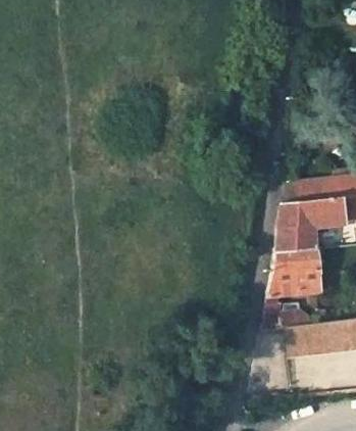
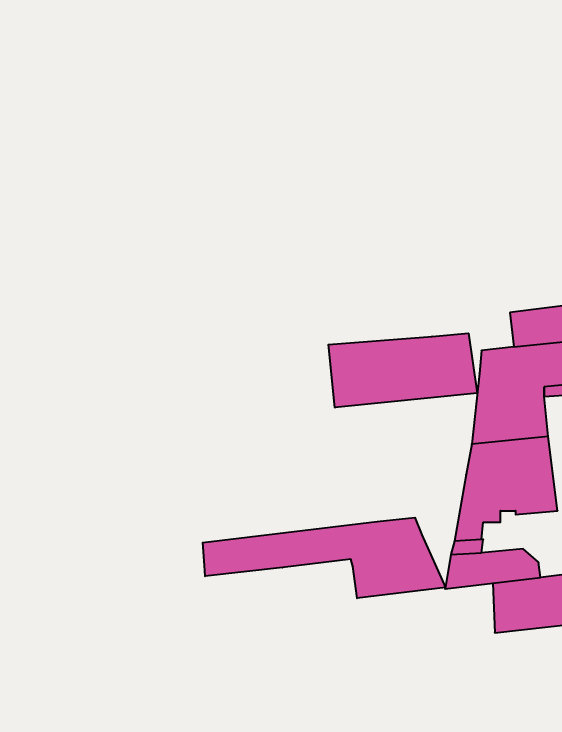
building: none -> [328,333,477,408]
building: none -> [203,518,445,598]

